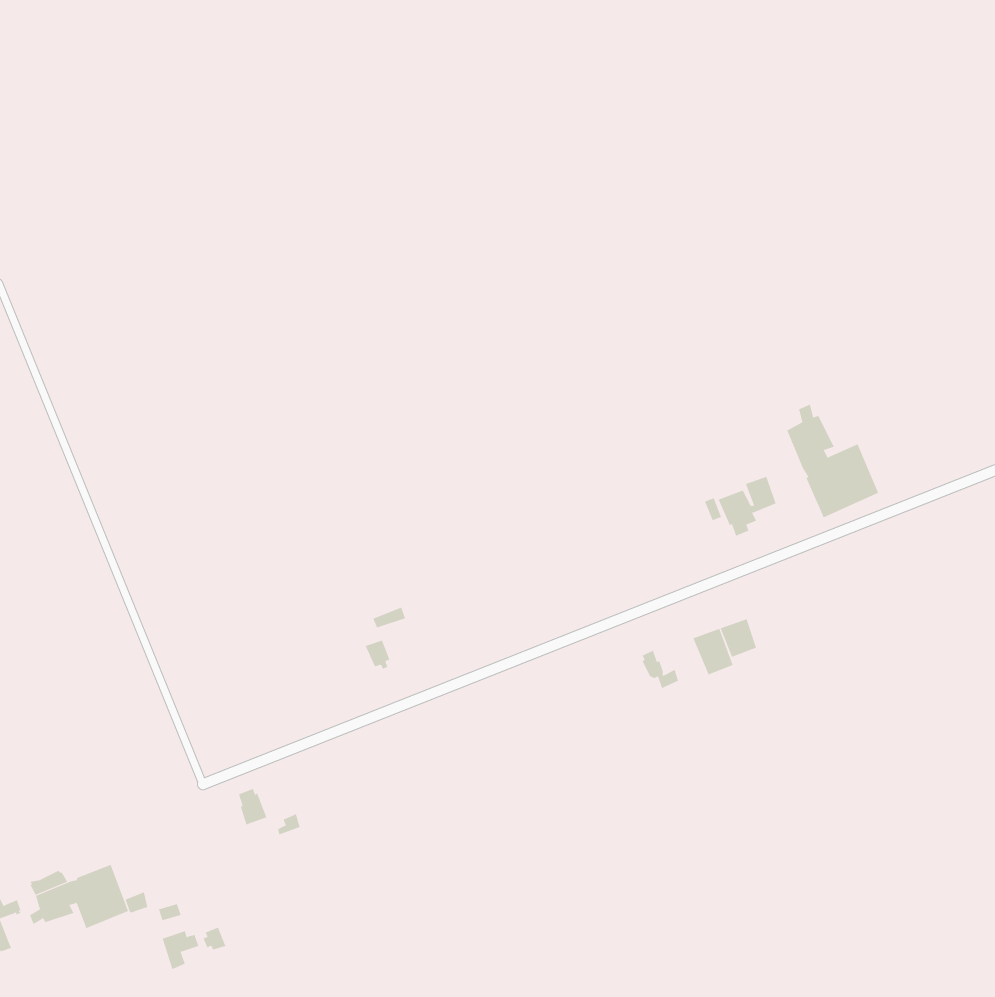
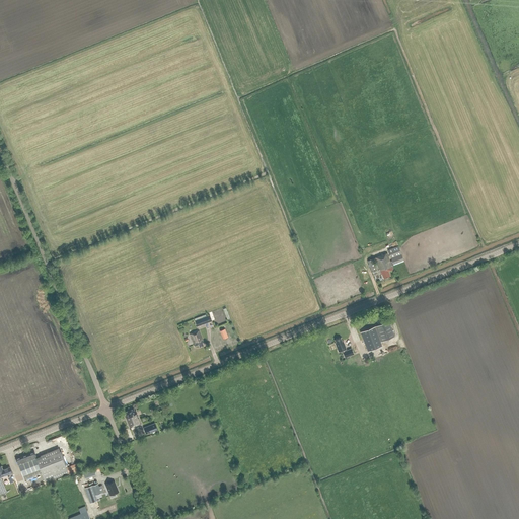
building: [787,404,879,518] -> none

